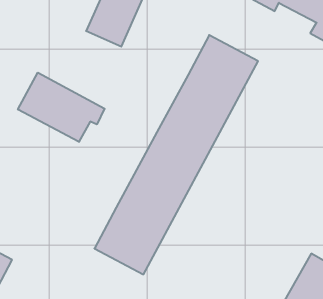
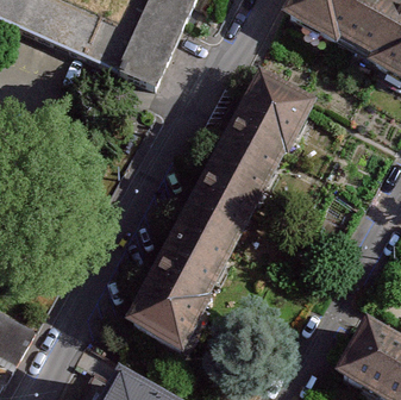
building: [18,73,105,142] -> none

